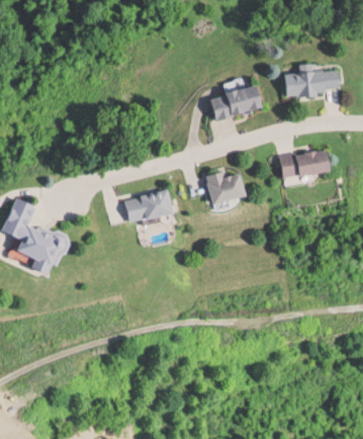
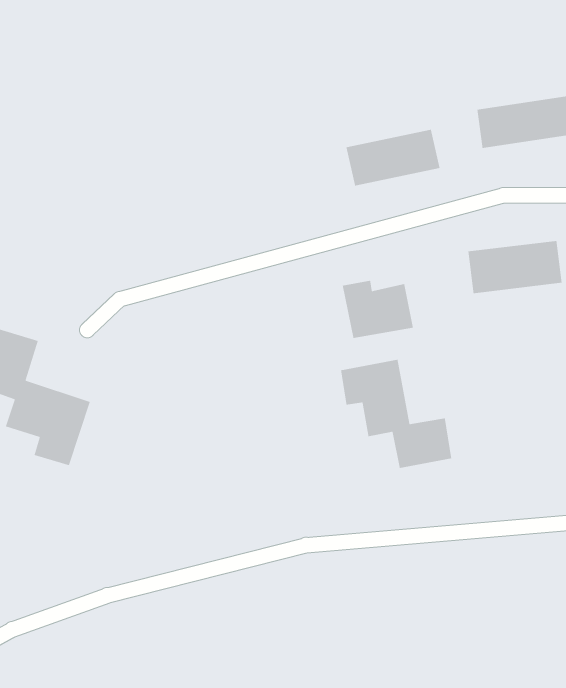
building: [125,189,176,224] -> none
building: none -> [340,359,452,469]

